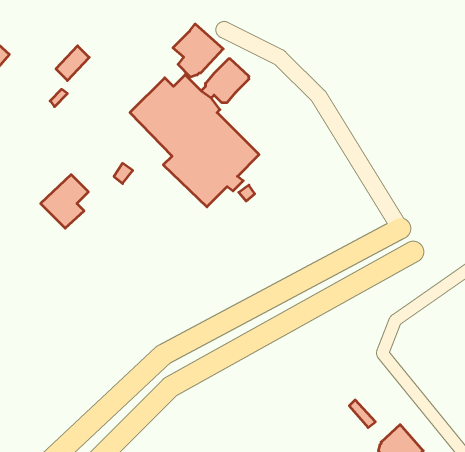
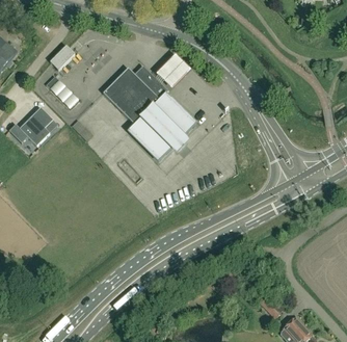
building: [173,24,223,77] -> none
building: [41,175,88,228] -> [19,107,53,146]

